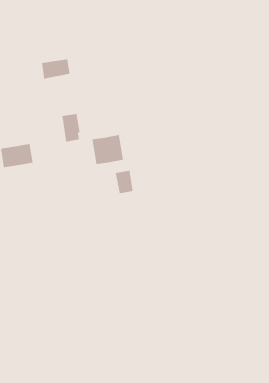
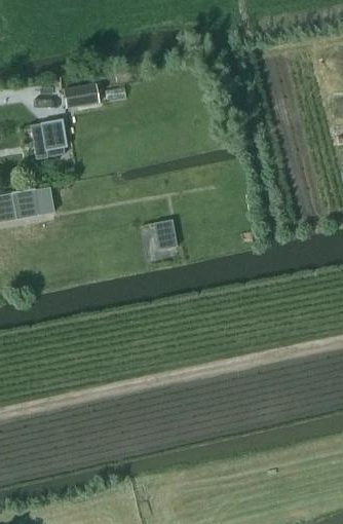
building: [61,113,81,142] -> [40,121,64,157]
building: [92,134,124,165] -> none

